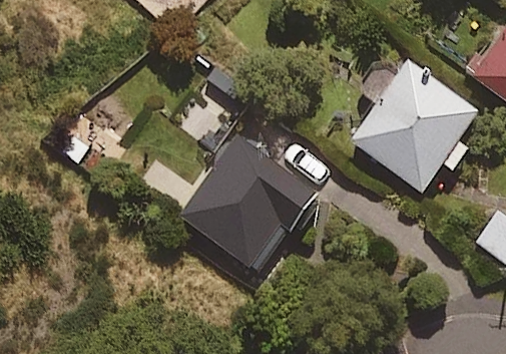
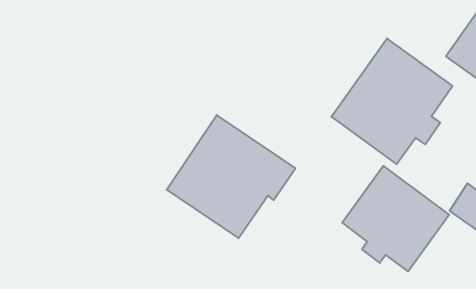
building: none -> [342,166,449,271]

